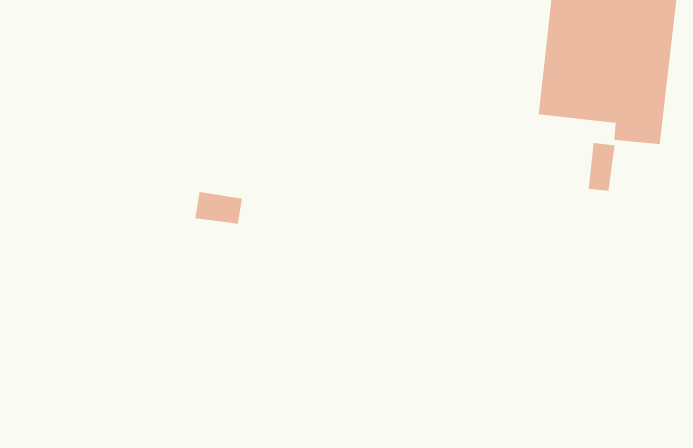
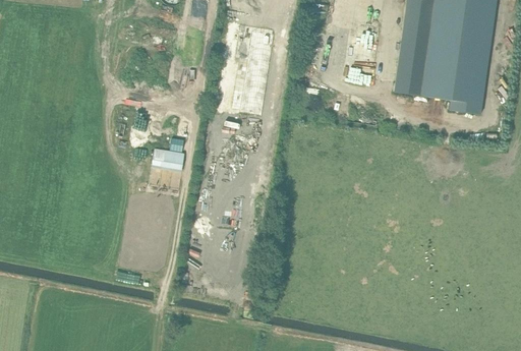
building: [588,142,615,192] -> none

